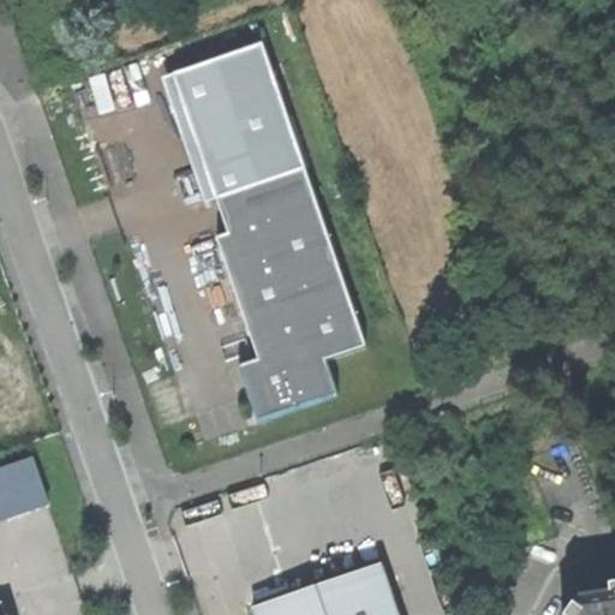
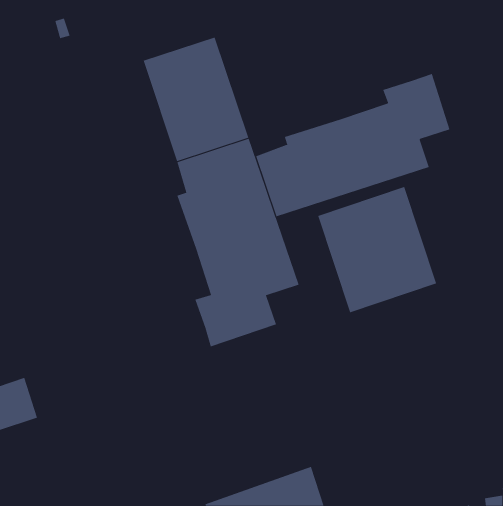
building: none -> [256,73,450,217]
building: none -> [317,186,437,313]

